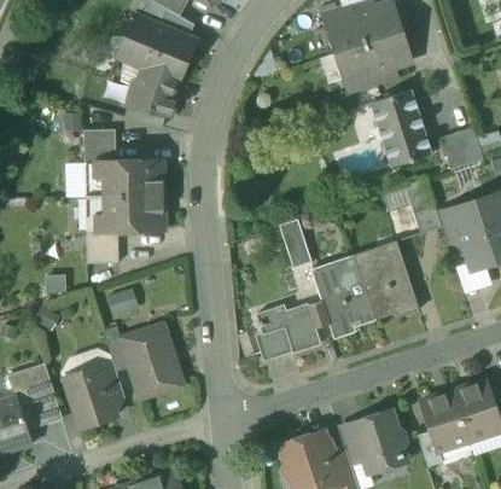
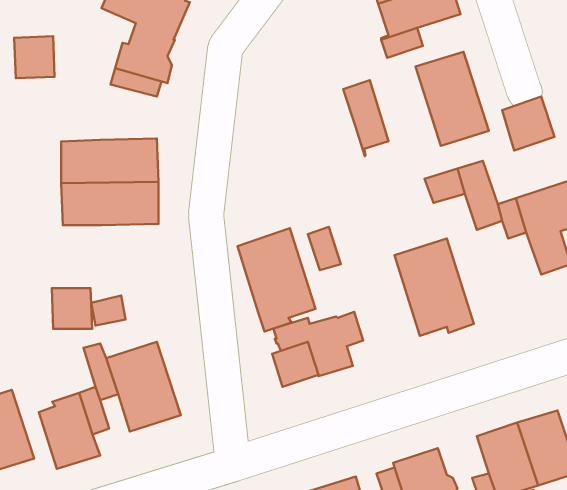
building: none -> [343,80,389,156]
building: [83,128,116,162] -> [14,36,55,78]
building: [86,229,118,262] -> [52,288,92,329]
building: [311,254,374,337] -> [238,228,315,331]

